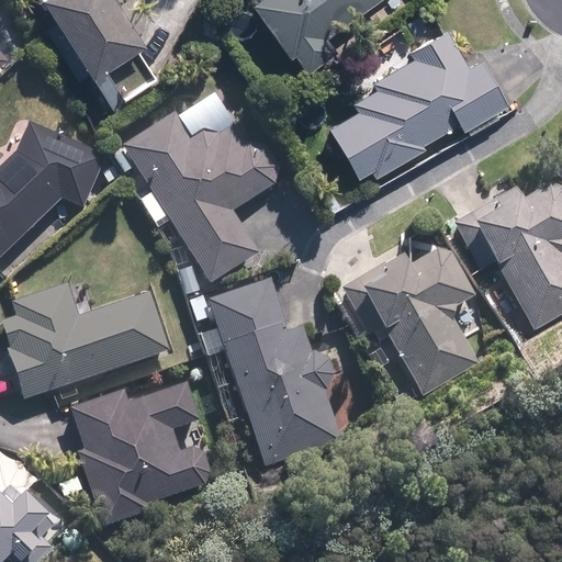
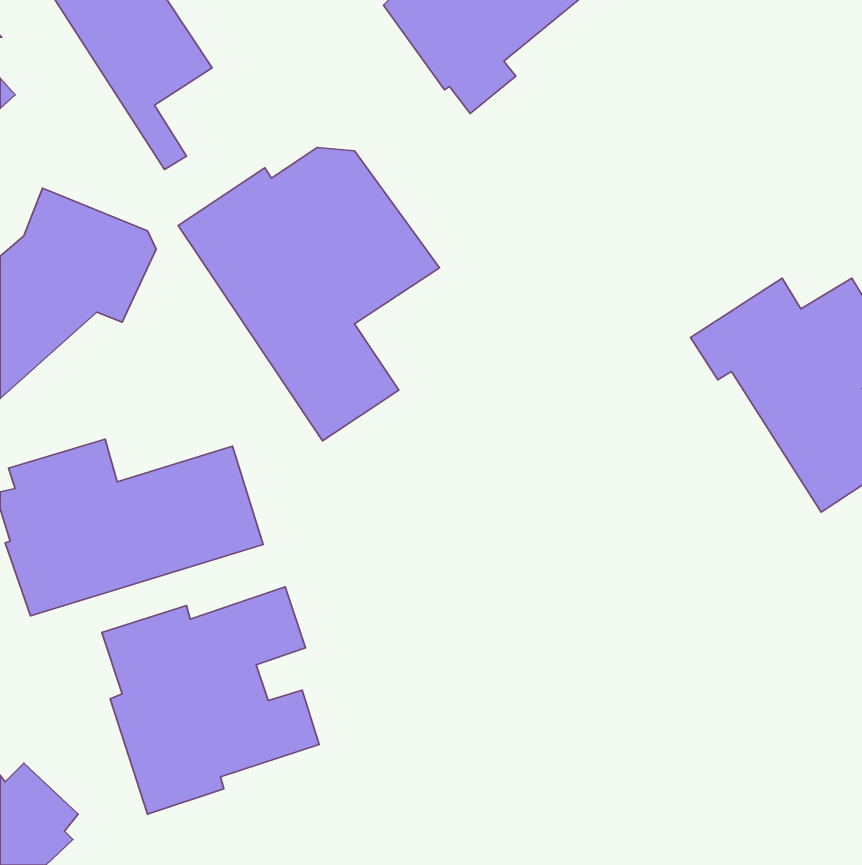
building: [327,22,512,179] -> none
building: [342,243,480,396] -> none
building: [206,277,341,468] -> none

